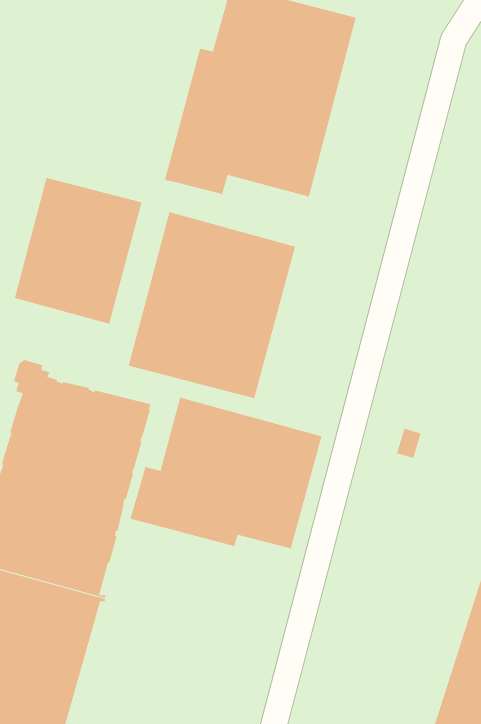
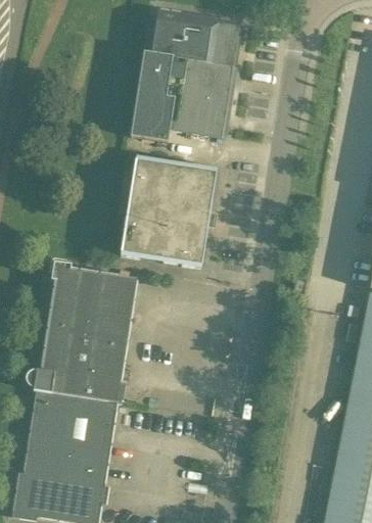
building: [14,177,142,324] -> none
building: [130,397,322,549] -> none

